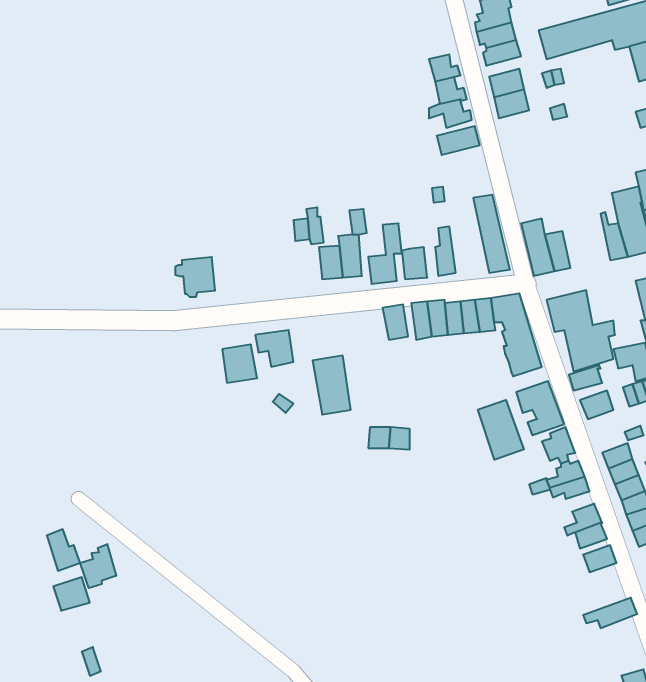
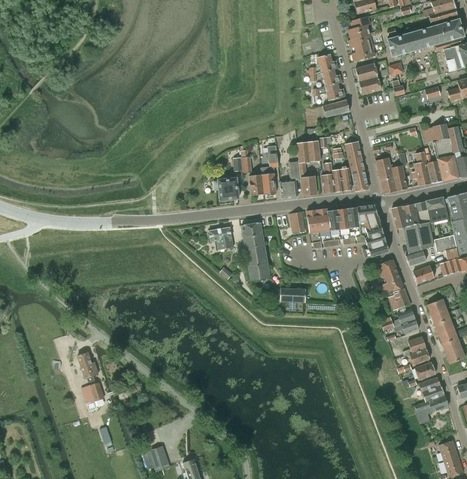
building: none -> [421,122,449,143]
building: none -> [297,141,320,162]
building: none -> [413,151,431,186]
building: none -> [332,168,352,191]
building: [175,257,215,297] -> [214,177,239,202]
building: none -> [417,196,448,224]
building: [222,345,257,383] -> [242,222,264,246]
building: [478,400,524,460] -> none
building: [80,544,116,588] -> none
building: none -> [419,377,445,401]

